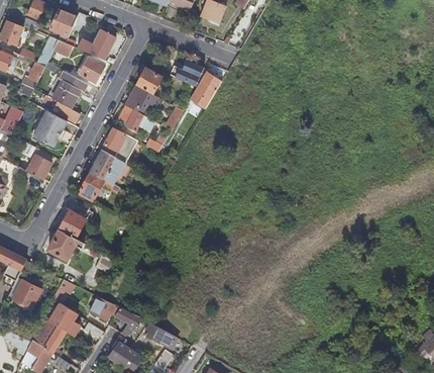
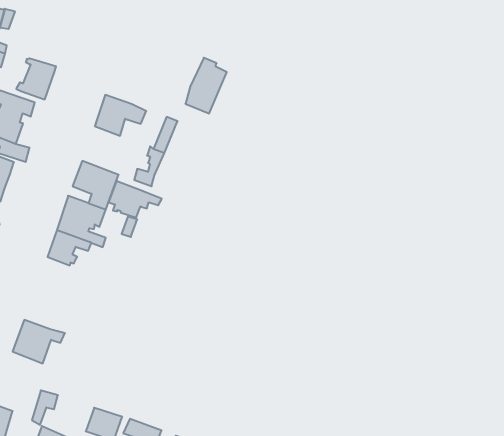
building: [89,29,116,64] -> none
building: [170,60,204,86] -> none
building: [136,68,162,94] -> none
building: [118,105,154,131] -> [109,182,162,218]
building: [59,200,89,239] -> none

